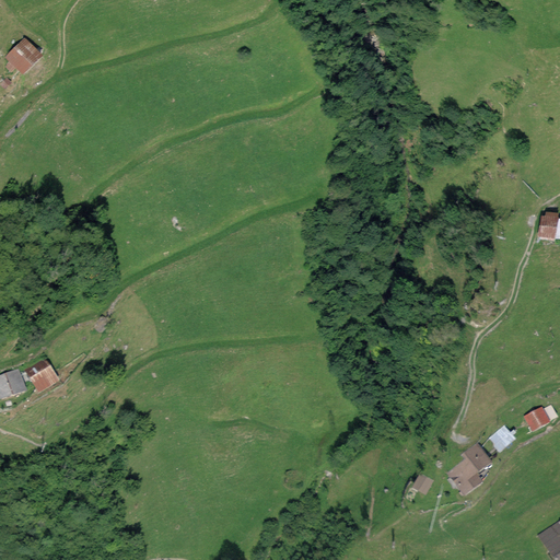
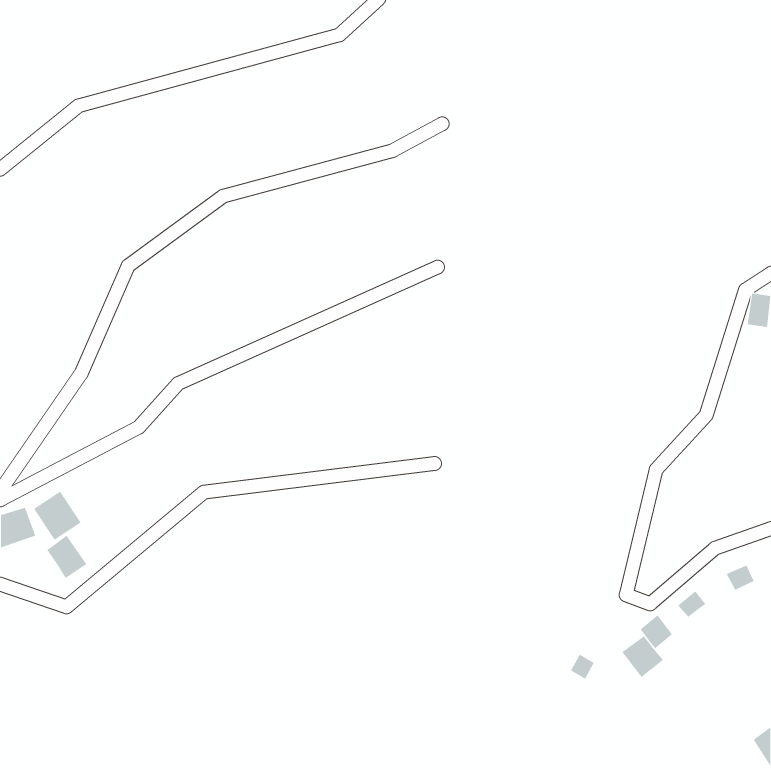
building: [5,36,45,75] -> none
building: none -> [47,535,87,579]

